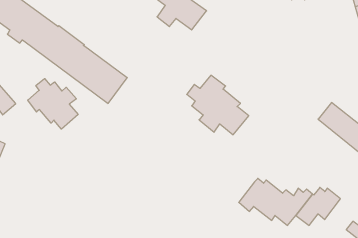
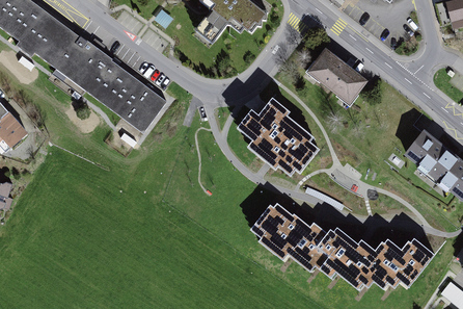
building: none -> [309,49,363,100]
building: [28,79,78,129] -> none
building: none -> [254,202,326,261]

